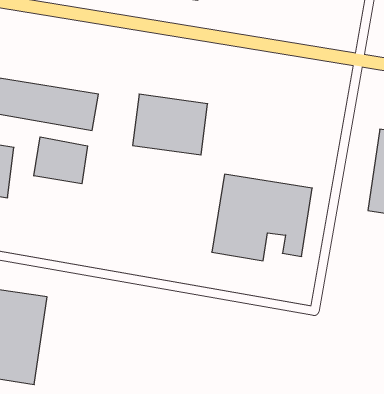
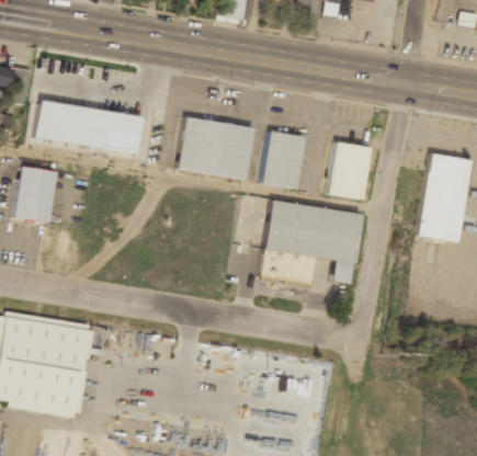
building: none -> [261,130,305,187]
building: none -> [327,141,372,198]
building: [34,137,88,184] -> none

